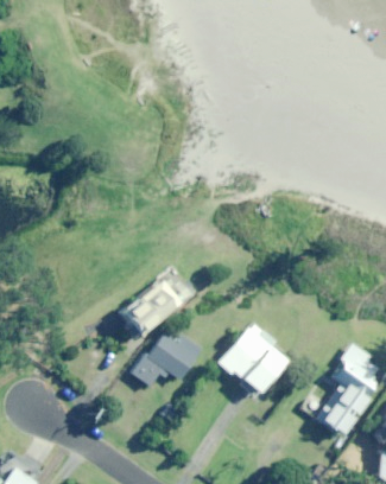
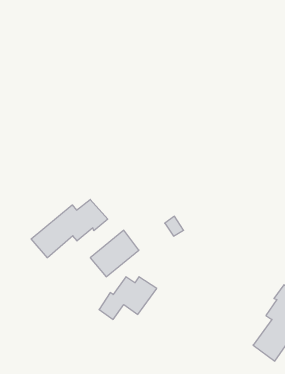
building: none -> [31,199,108,258]
building: [220,327,286,394] -> none

